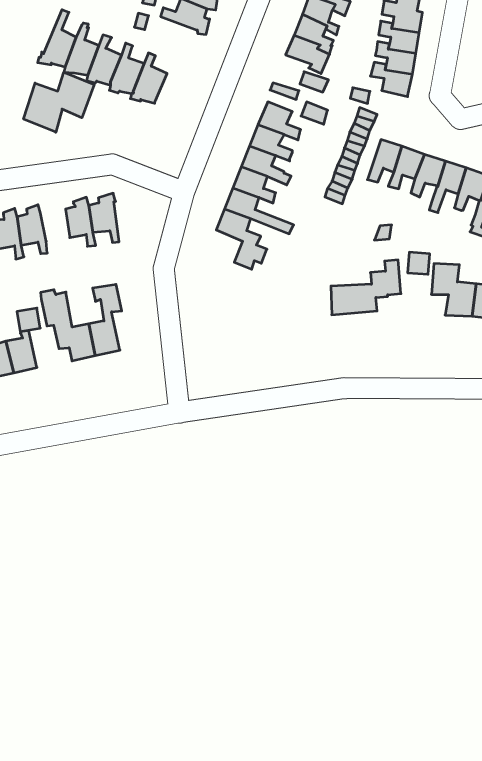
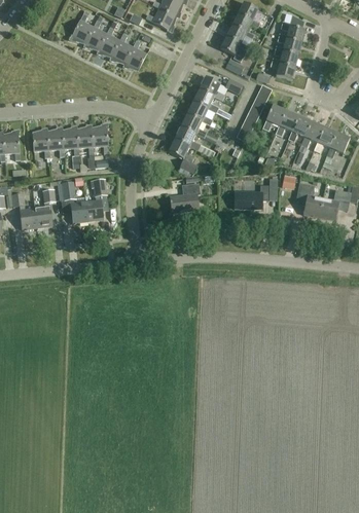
building: [24,72,94,132] -> none
building: none -> [62,125,79,164]
building: none -> [170,183,200,213]

